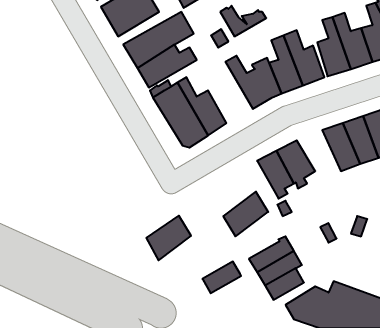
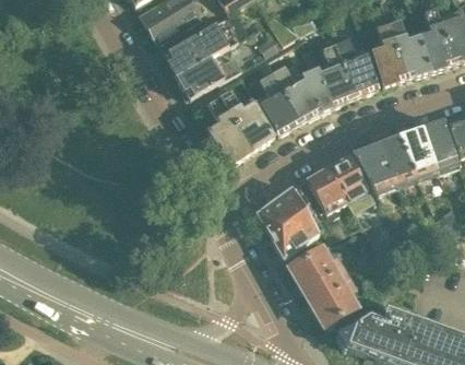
building: none -> [258,71,302,134]
building: none -> [354,144,396,195]
building: [146,216,191,260] -> [258,188,306,236]
building: [202,262,241,293] -> [289,248,331,282]

